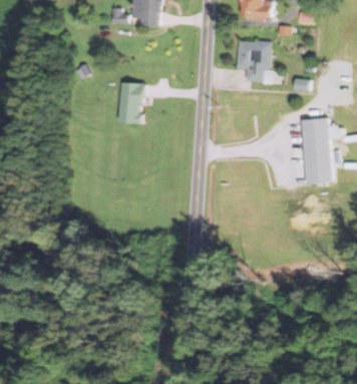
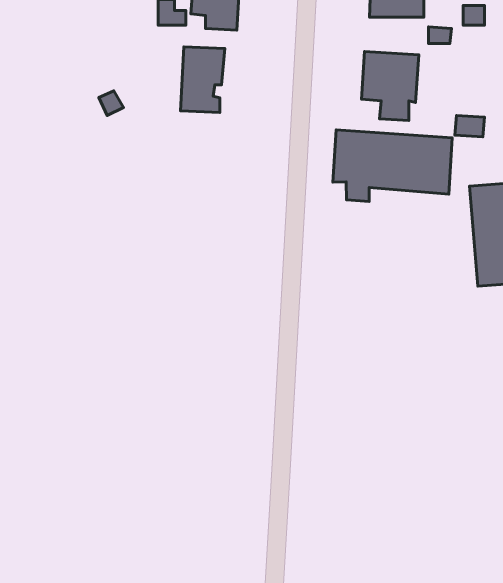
building: [119,83,146,123] -> [180,47,225,113]
building: none -> [333,130,452,201]

